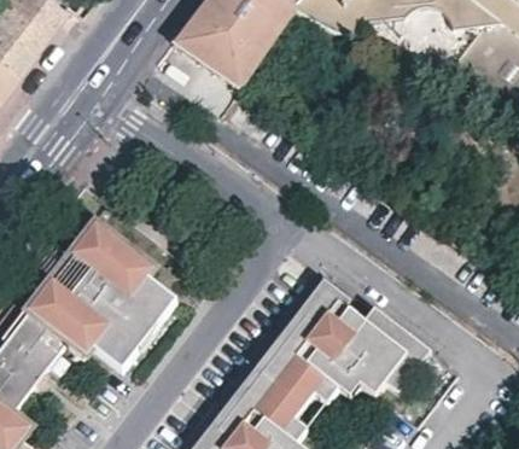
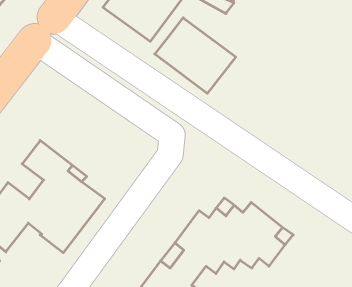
building: none -> [155,18,236,93]

